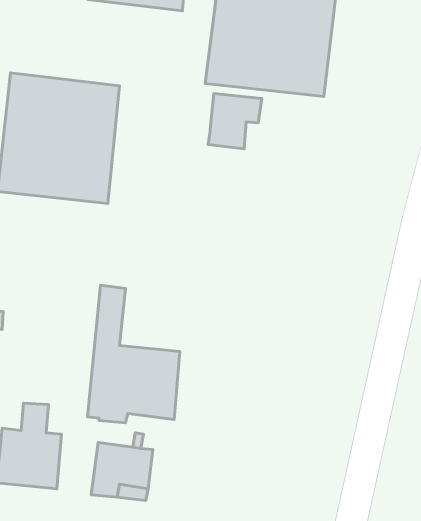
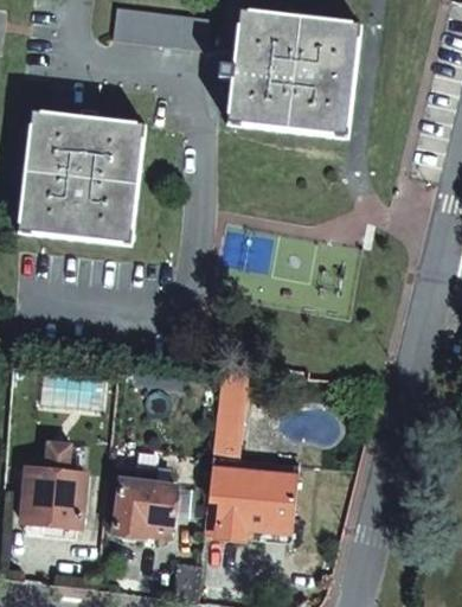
building: [208,94,262,149] -> none
building: [87,285,180,423] -> [205,398,297,536]

